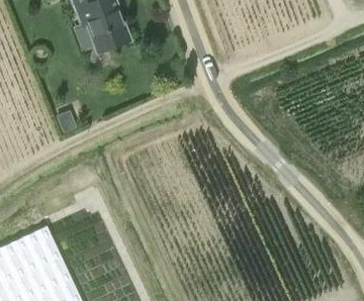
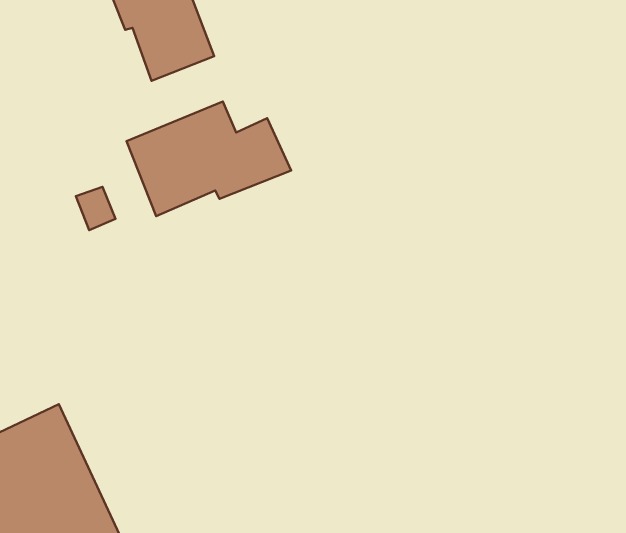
building: none -> [127,102,291,216]

